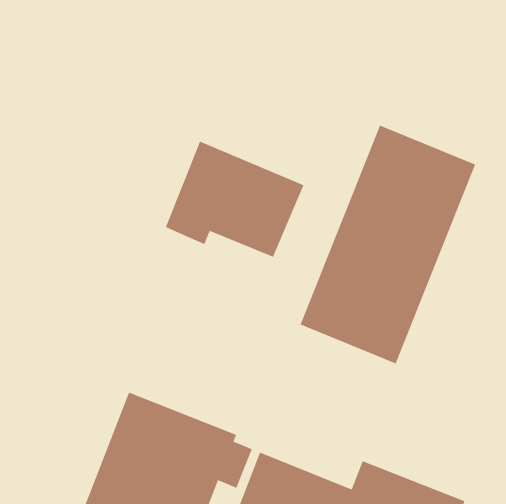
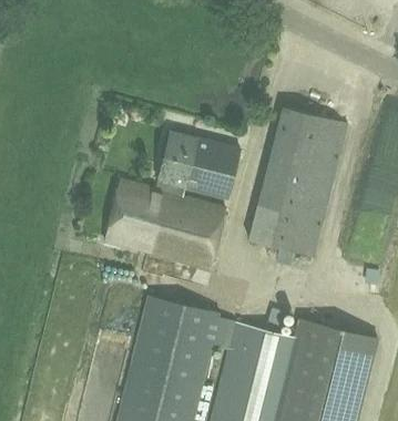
building: none -> [104,181,225,268]

